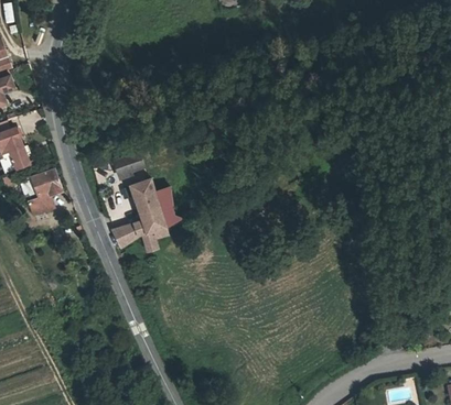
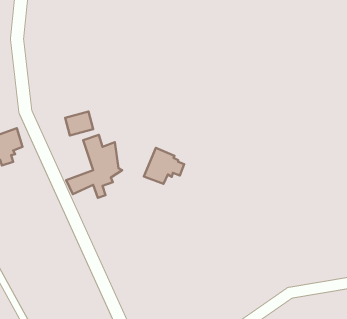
building: none -> [144,148,184,184]

